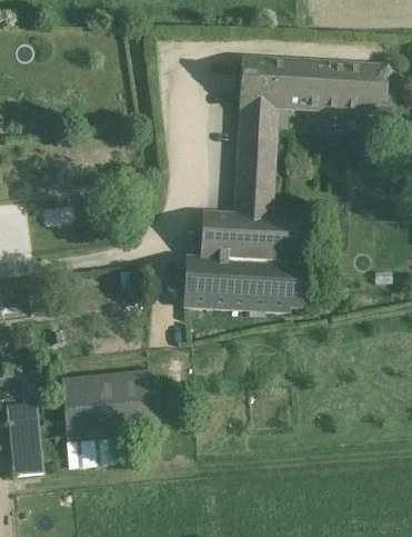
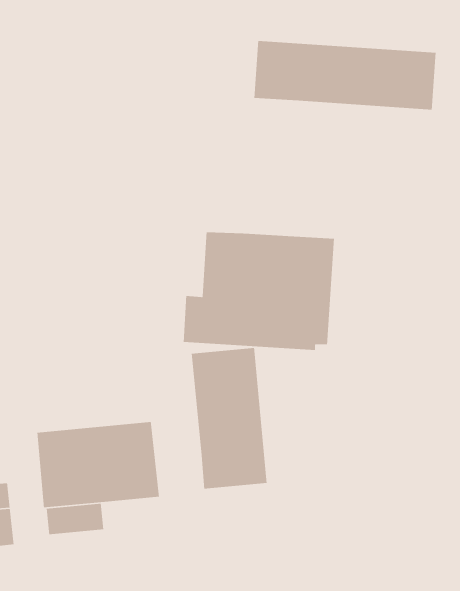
building: [232,105,277,217] -> none
building: none -> [191,347,267,489]

